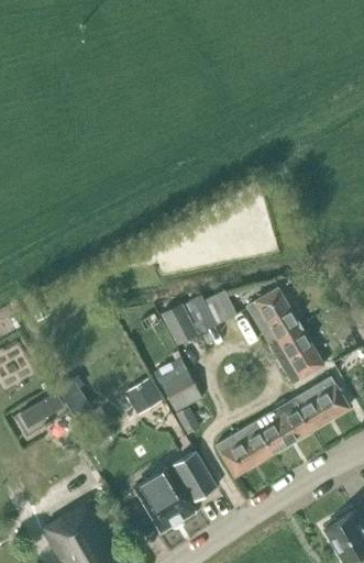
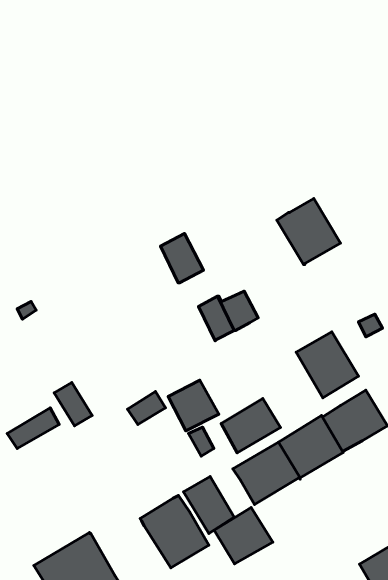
building: [246,288,301,345] -> [277,199,340,265]
building: [162,303,199,346] -> [160,234,203,283]
building: none -> [221,399,281,453]
building: none -> [214,508,273,564]

